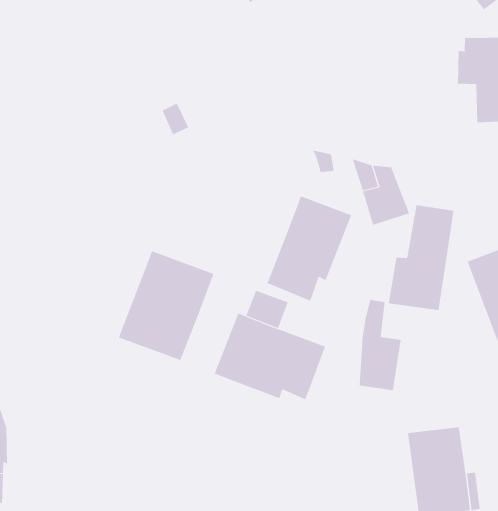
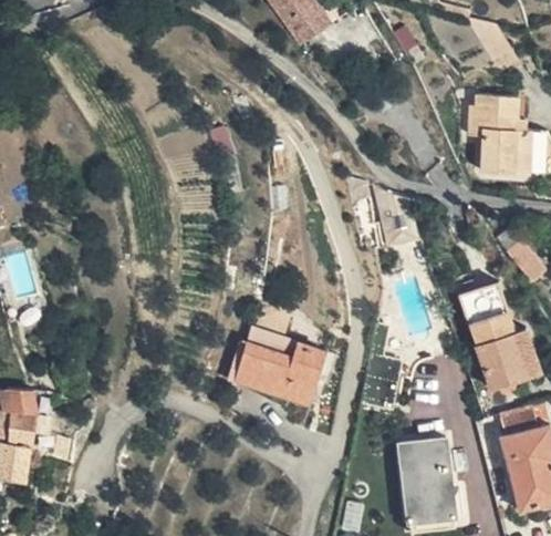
building: [267,196,352,301] -> none
building: [388,205,454,311] -> none
building: [118,250,214,361] -> none

